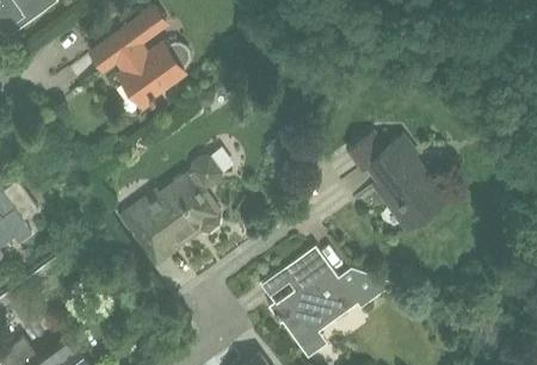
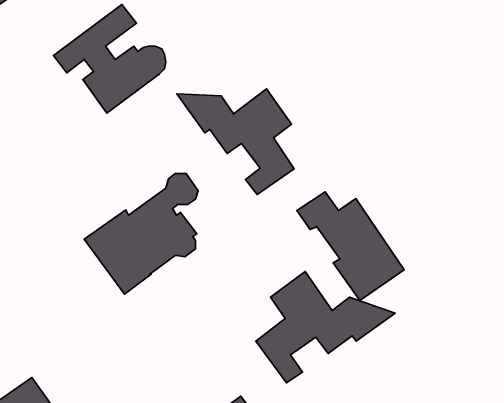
building: none -> [177,89,294,195]
building: [348,132,444,229] -> [297,192,404,301]

